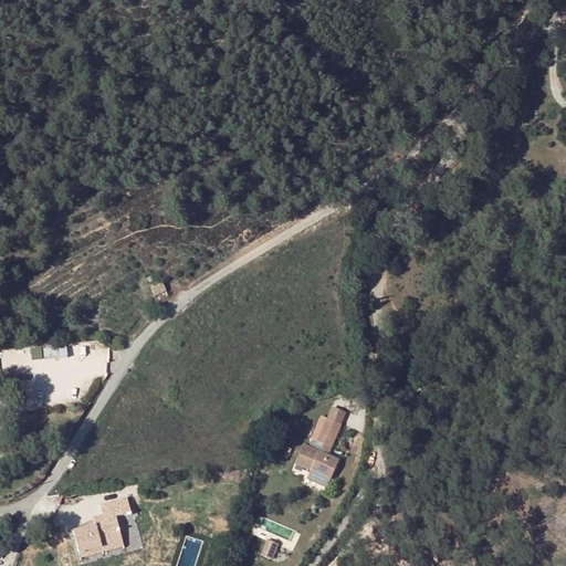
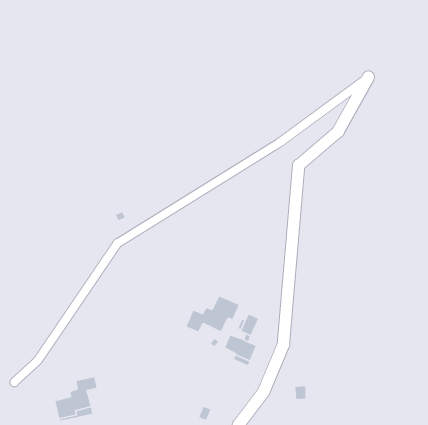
building: none -> [185,295,240,332]

